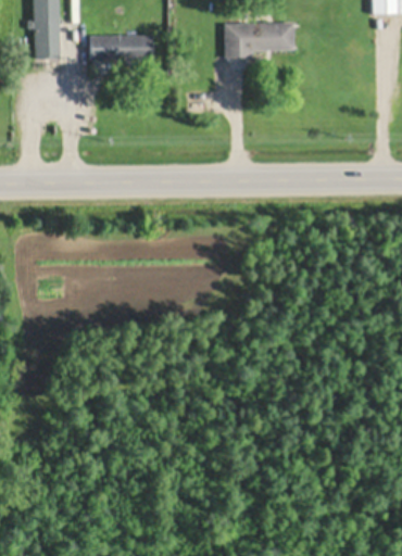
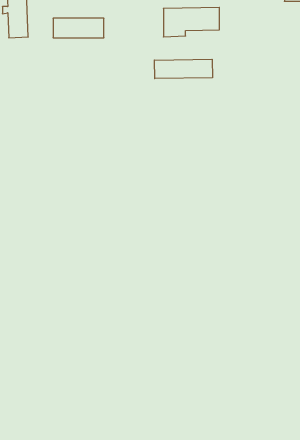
building: none -> [154,59,212,79]

